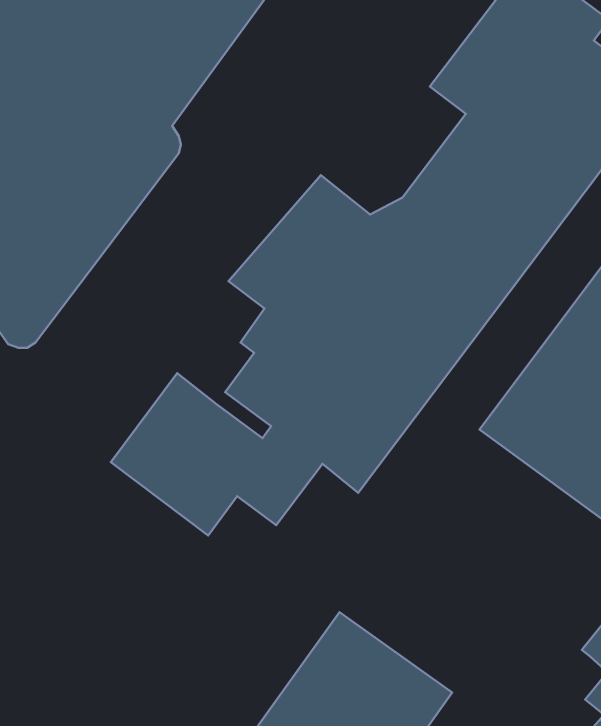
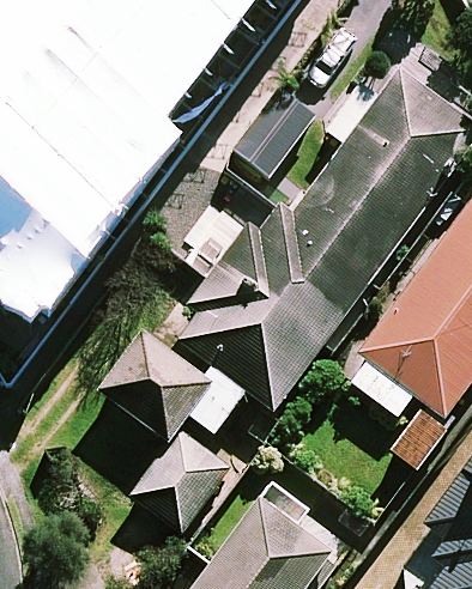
building: none -> [132,429,229,529]

